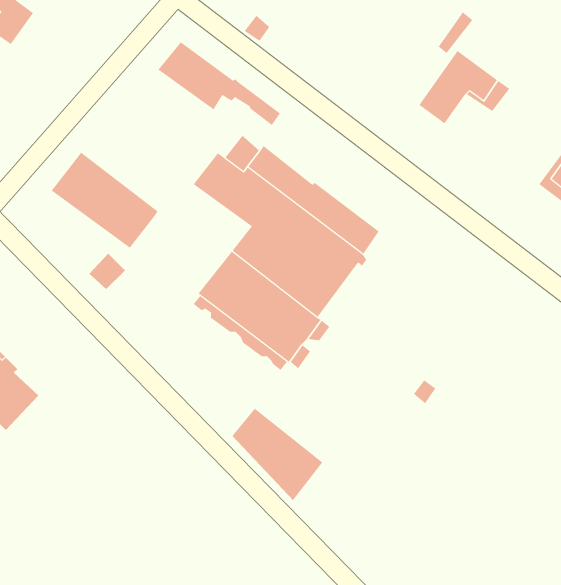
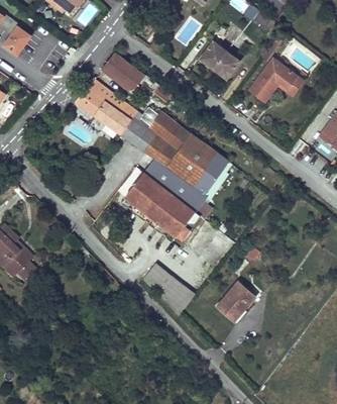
building: none -> [200,42,239,80]
building: [51,152,159,249] -> [75,79,136,134]
building: none -> [217,282,253,322]

